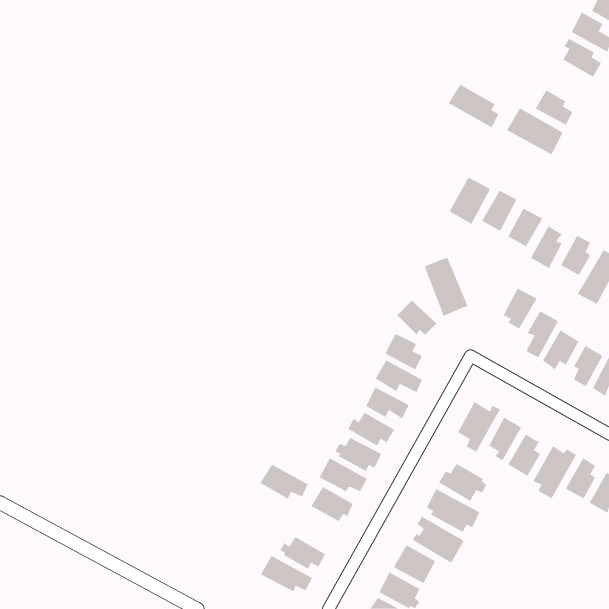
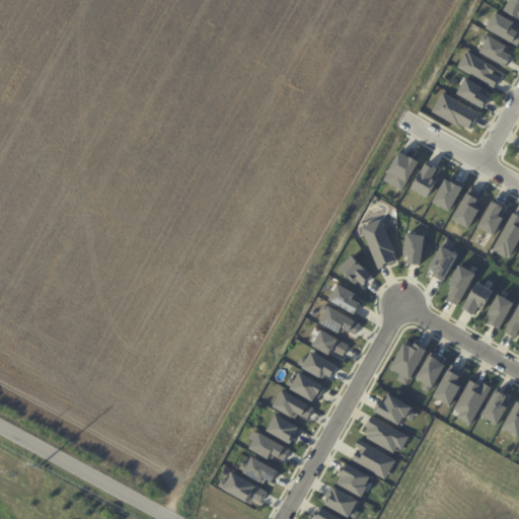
building: [448,84,499,128] -> [456,50,500,87]
building: none -> [402,232,424,264]
building: [259,464,308,500] -> [247,431,289,461]

